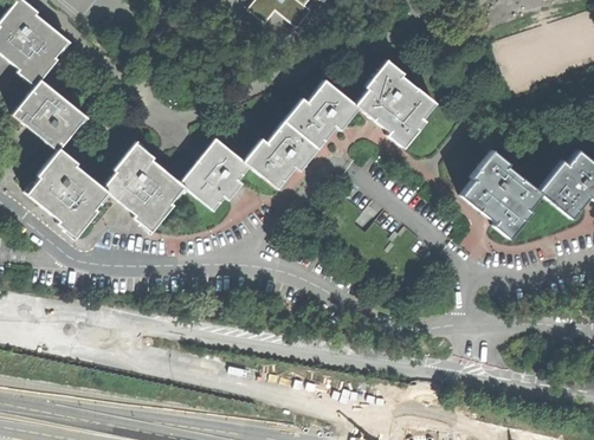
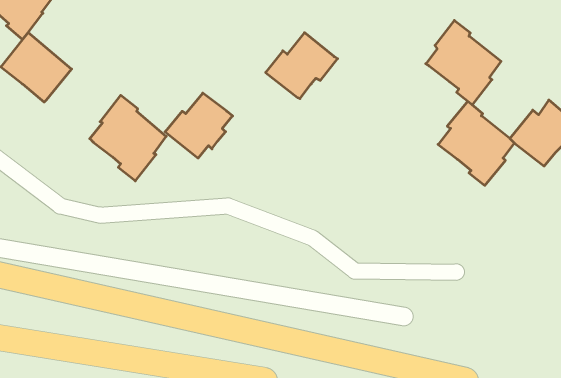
building: [356,58,434,145] -> [426,20,501,105]
building: [245,119,318,187] -> none
building: [26,148,106,238] -> none

